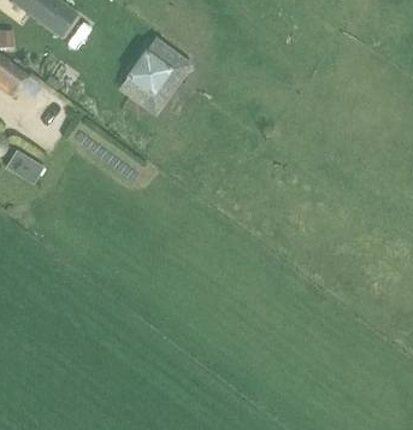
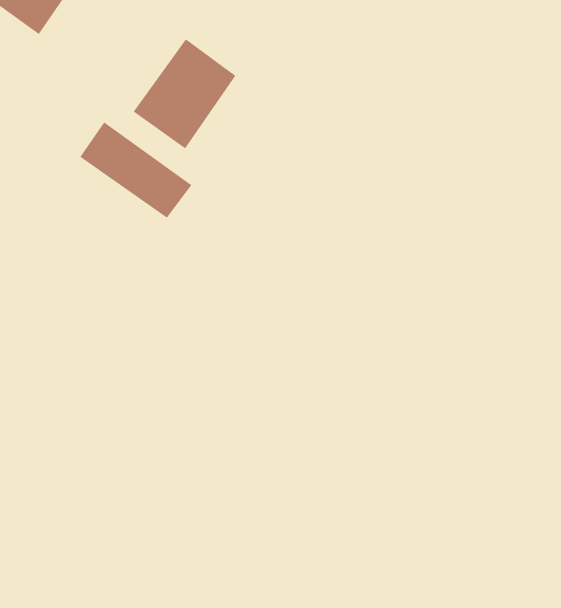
building: none -> [79,121,192,218]

